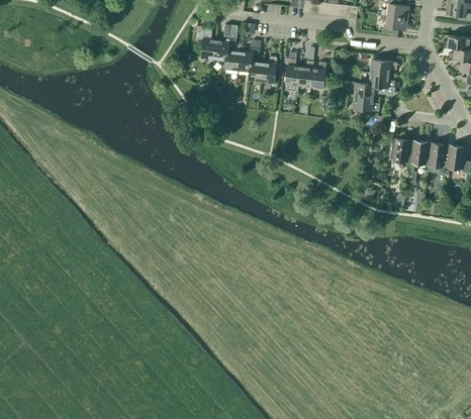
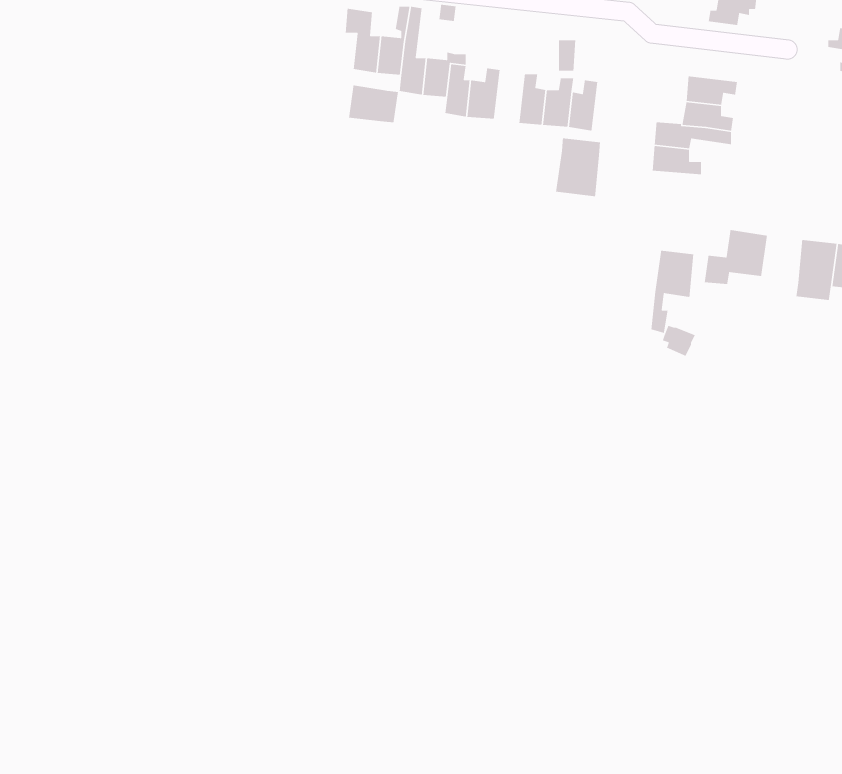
building: none -> [348,85,399,123]
building: none -> [555,137,601,197]
building: [407,140,430,183] -> [650,250,694,334]

